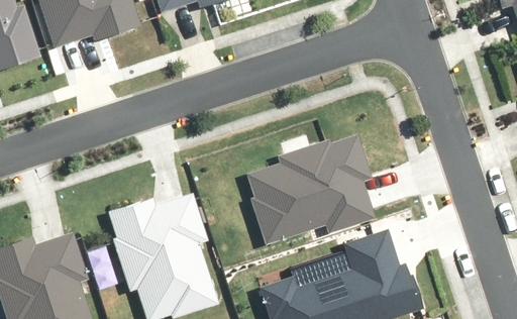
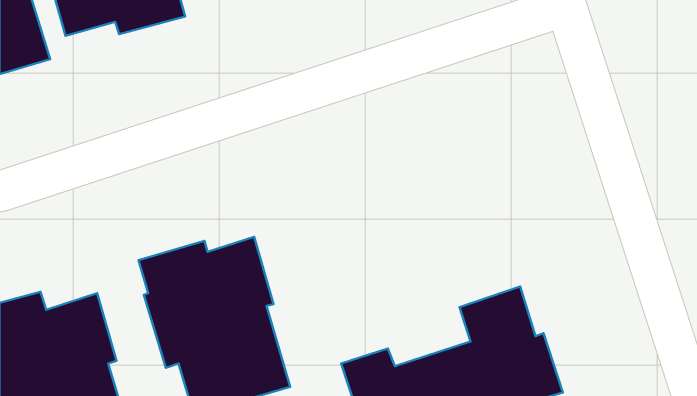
building: [245,136,373,242] -> none

